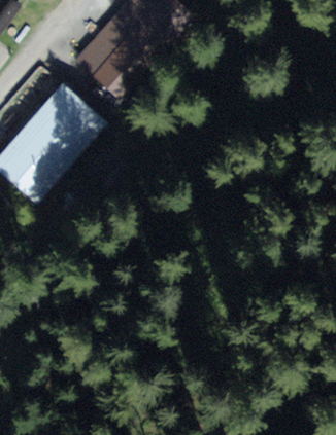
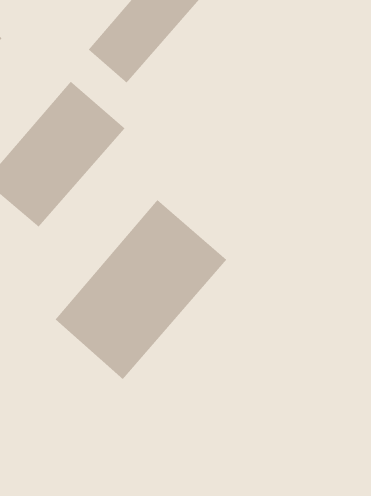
building: none -> [55,199,227,380]

